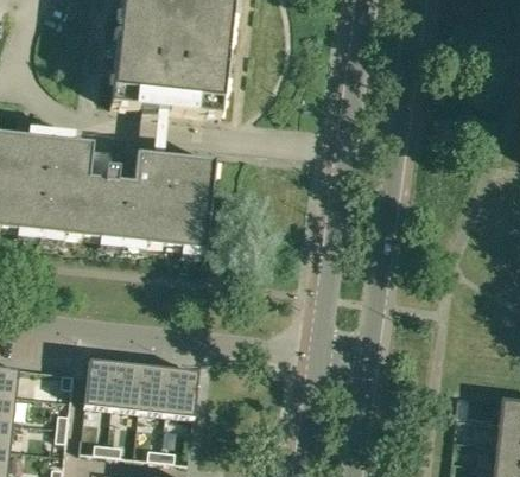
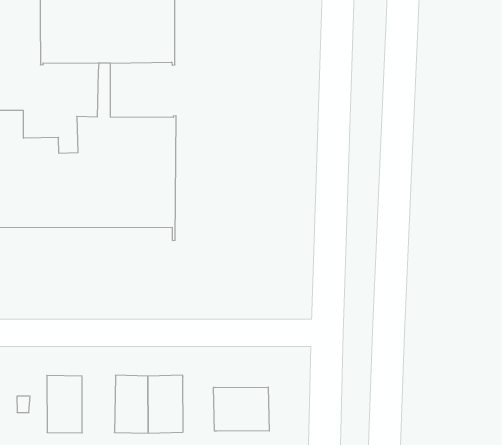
building: [110,361,142,409] -> none
building: none -> [214,387,269,431]

